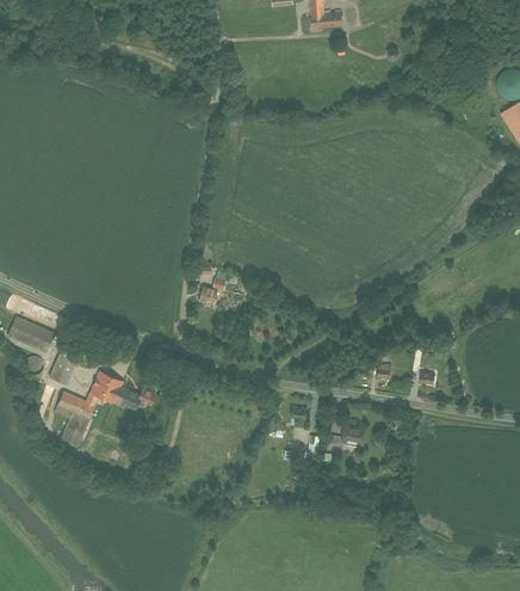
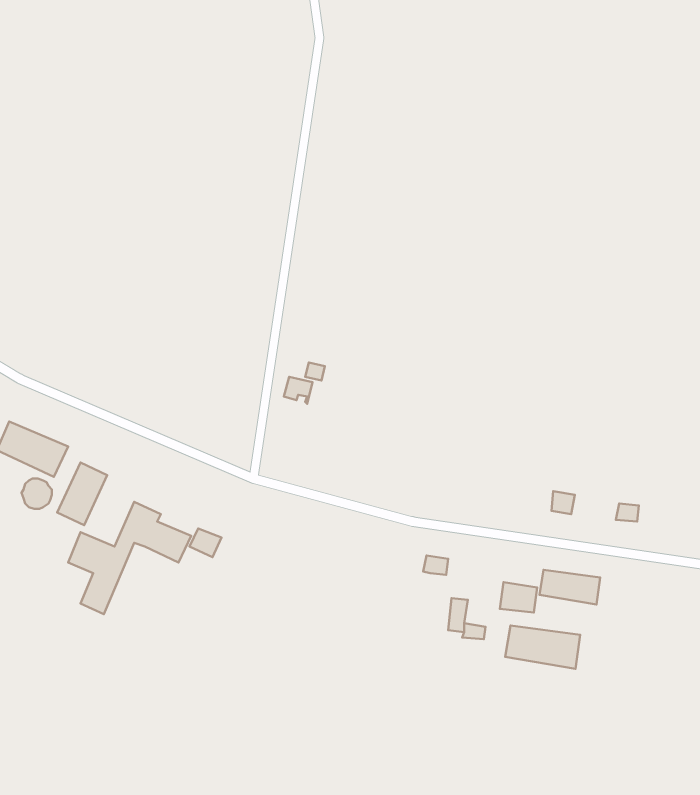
building: none -> [540,570,600,605]
building: none -> [505,625,580,669]

